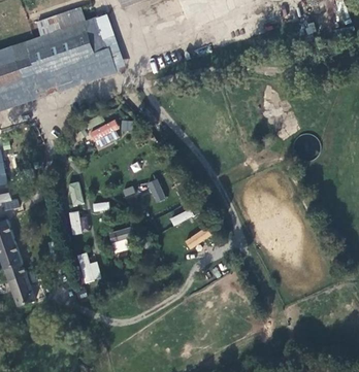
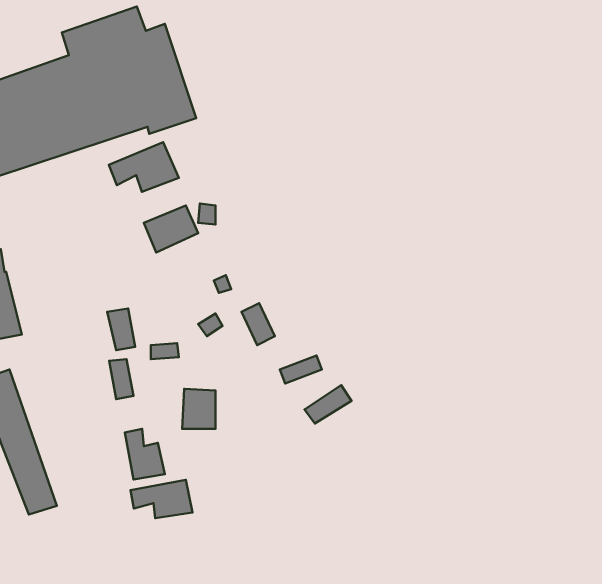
building: none -> [109,142,179,192]
building: none -> [131,480,192,518]

